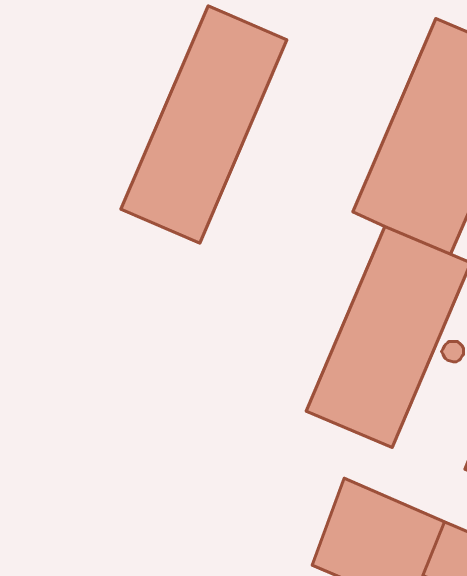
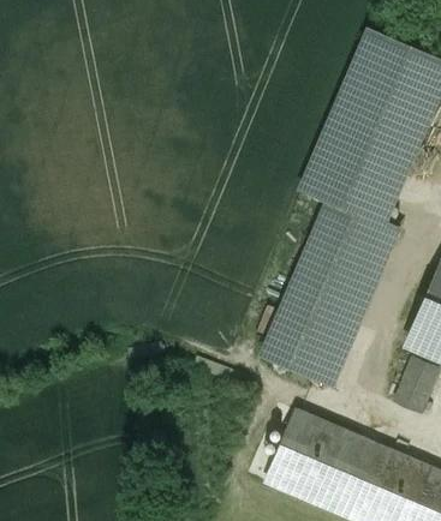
building: [121,6,287,243] -> none

